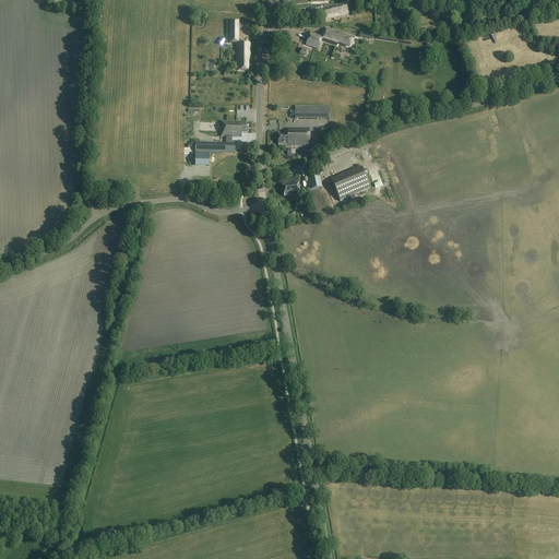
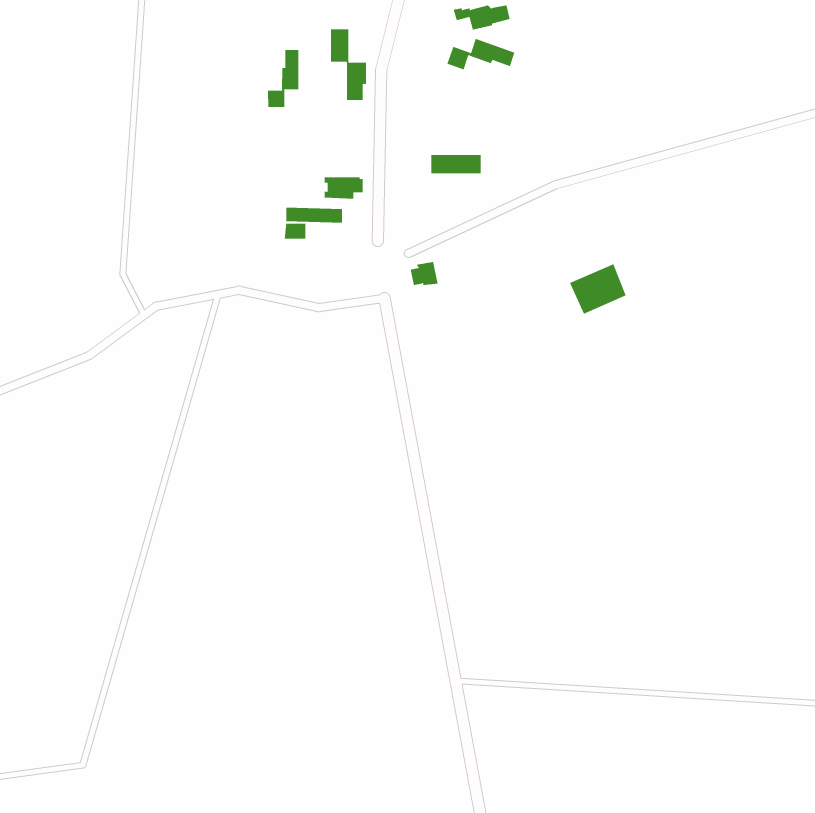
building: none -> [268,49,299,108]
building: [278,128,309,145] -> none
building: [331,166,370,201] -> [569,264,627,315]

